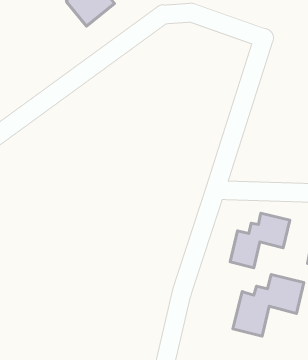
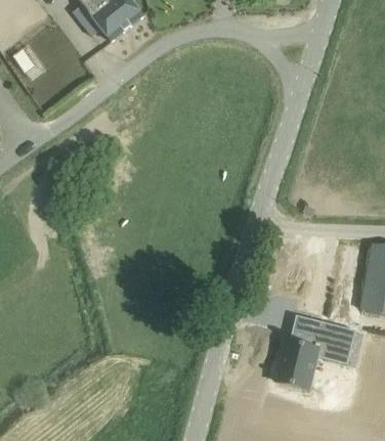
building: [230,213,290,268] -> none

